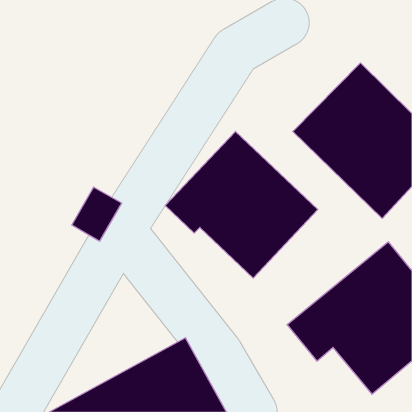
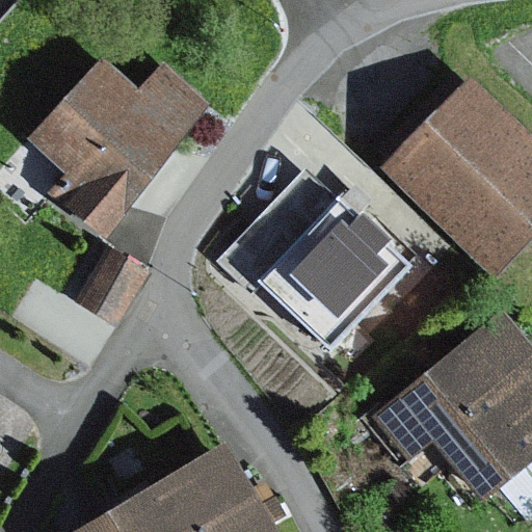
building: none -> [42,47,222,231]

